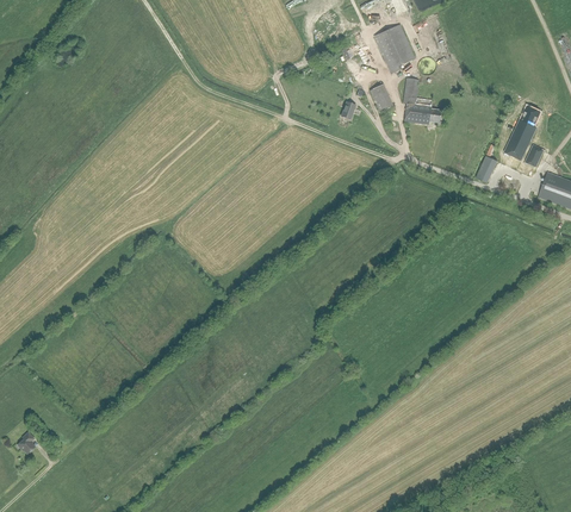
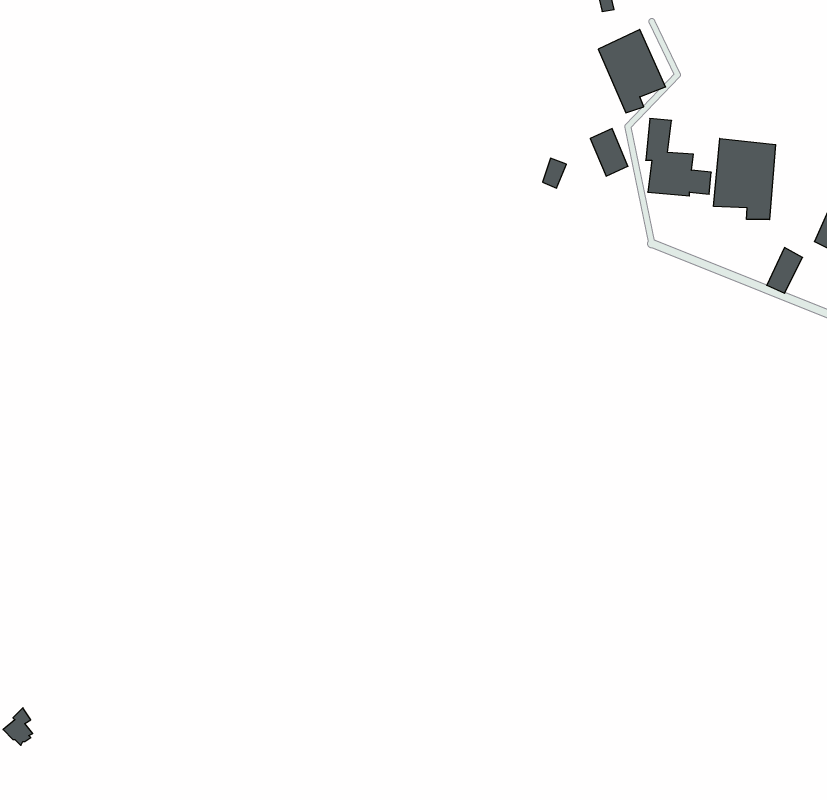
building: none -> [714,138,776,220]

